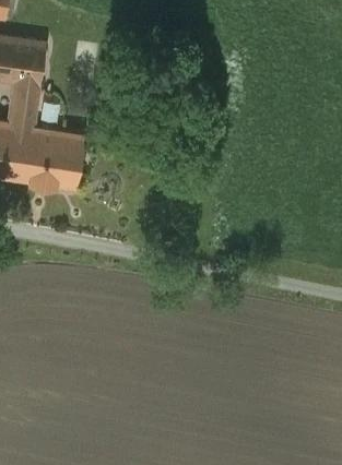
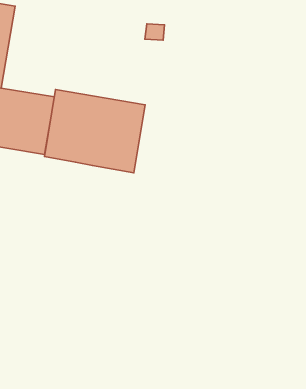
building: none -> [44,90,145,173]

